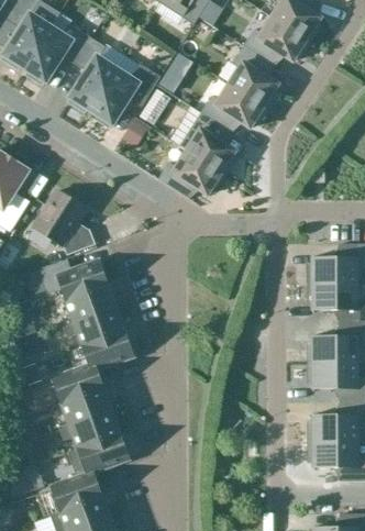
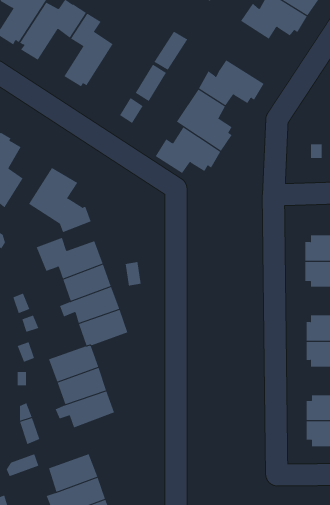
building: [229,44,278,107] -> none
building: [91,64,161,126] -> none
building: [68,432,128,474] -> none

